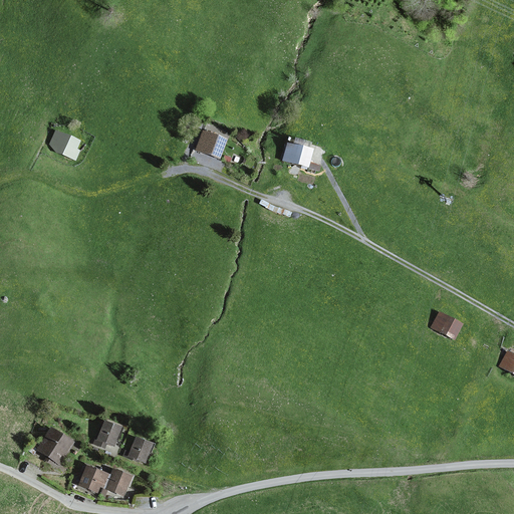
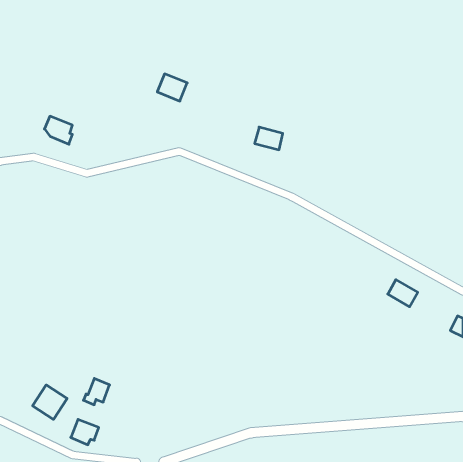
building: [195,128,228,159] -> [157,74,187,101]
building: [122,436,153,462] -> none
building: [104,467,133,496] -> none

